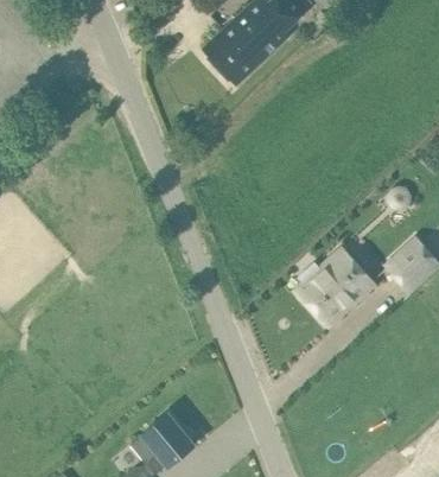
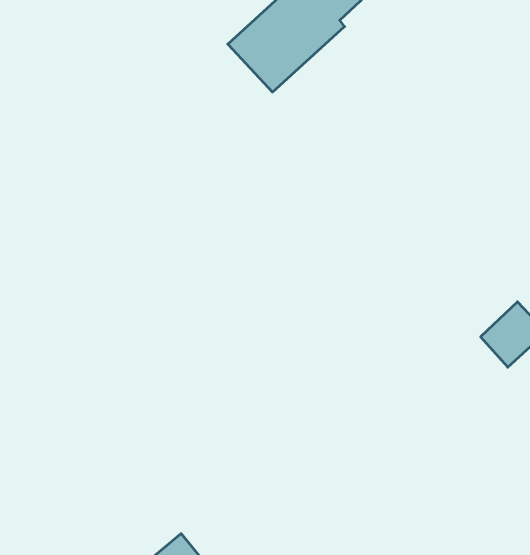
building: [298,250,371,319] -> none

